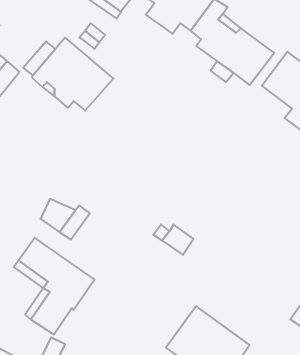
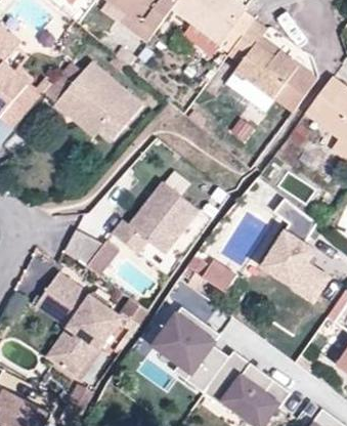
building: none -> [112,182,199,256]
building: none -> [256,197,329,303]
building: none -> [147,308,227,393]

